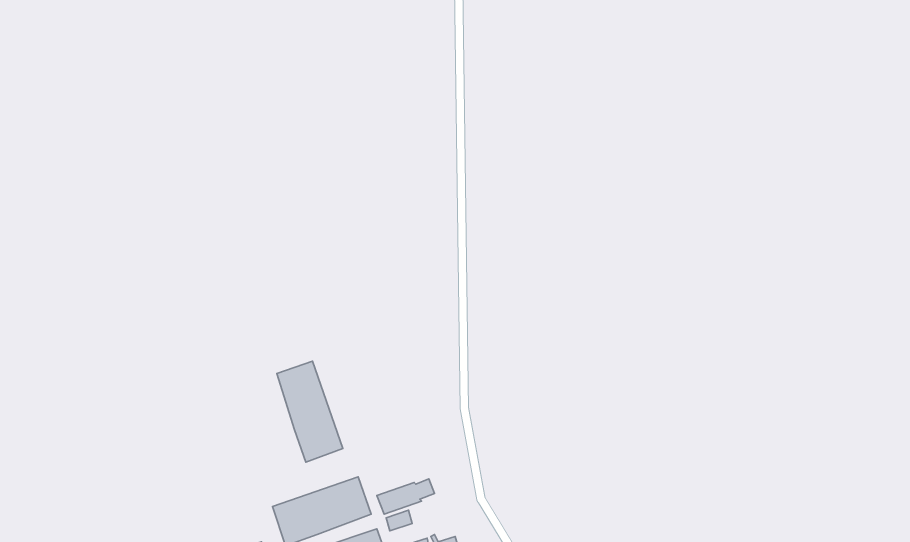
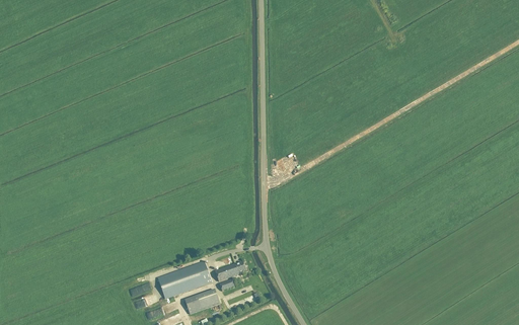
building: [277,361,343,462] -> none

